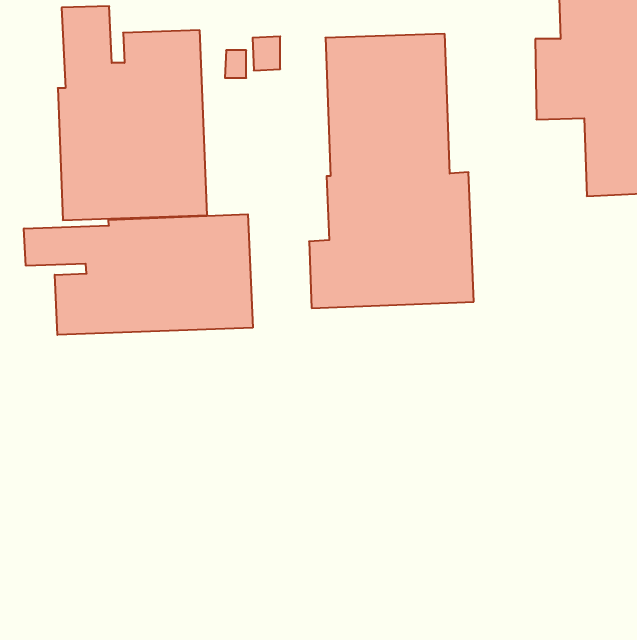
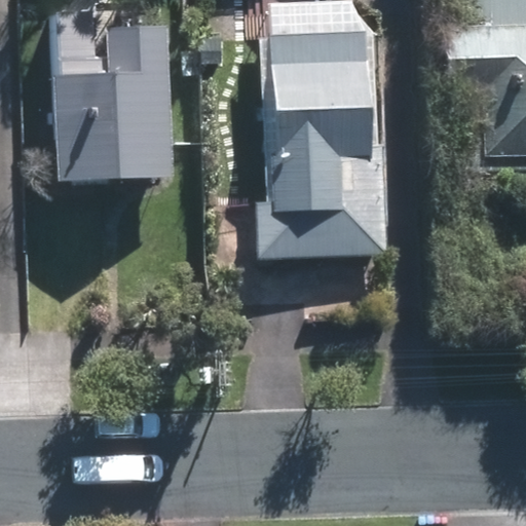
building: [24,214,253,335] -> none

